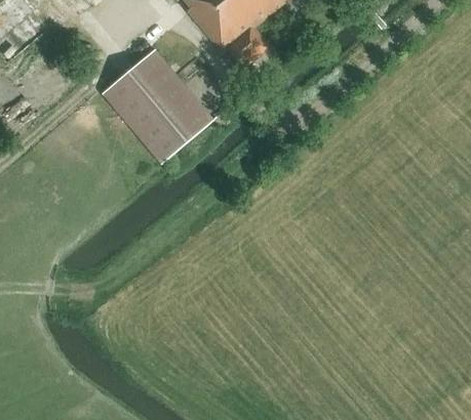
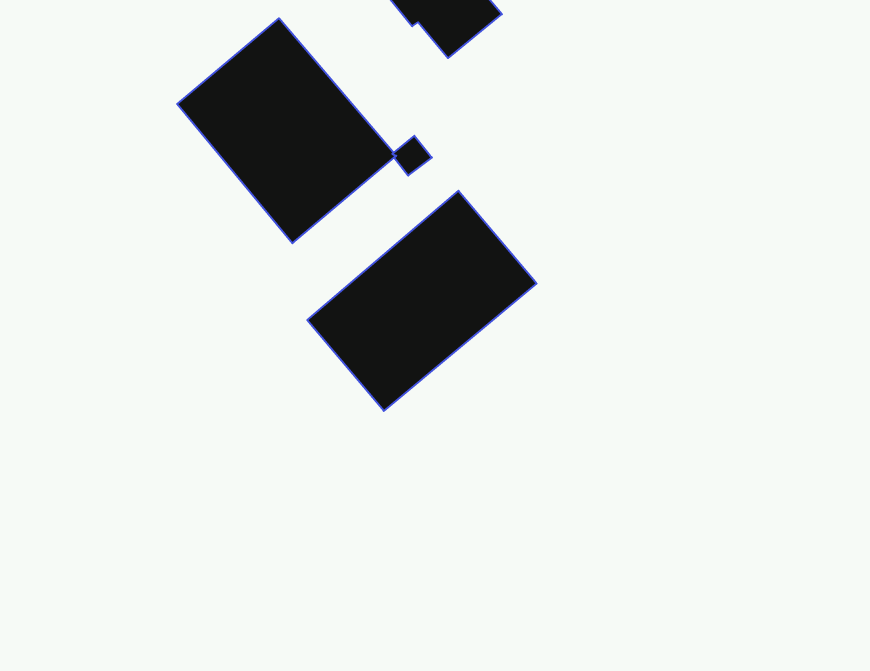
building: none -> [307,191,537,411]

